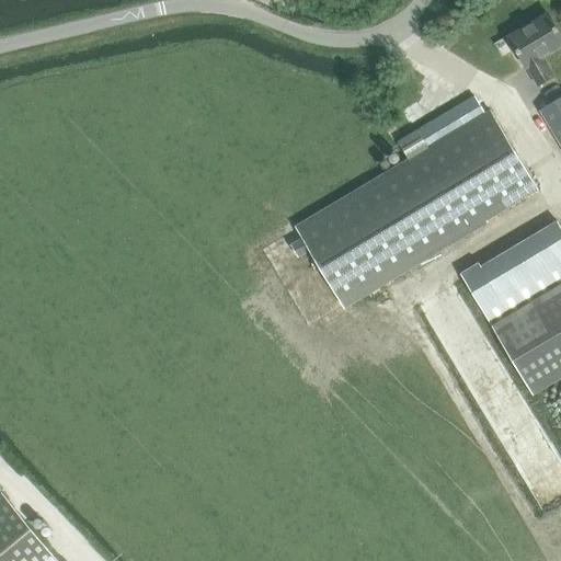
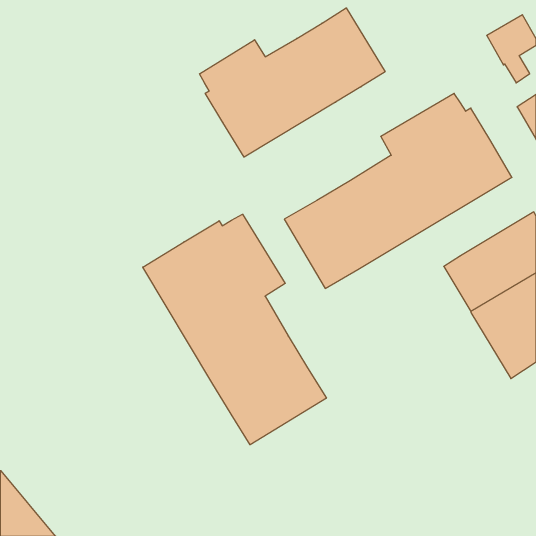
building: none -> [200,8,385,157]
building: none -> [143,214,326,445]

